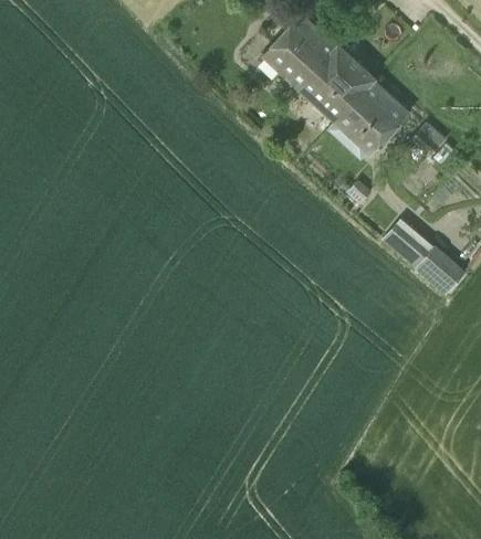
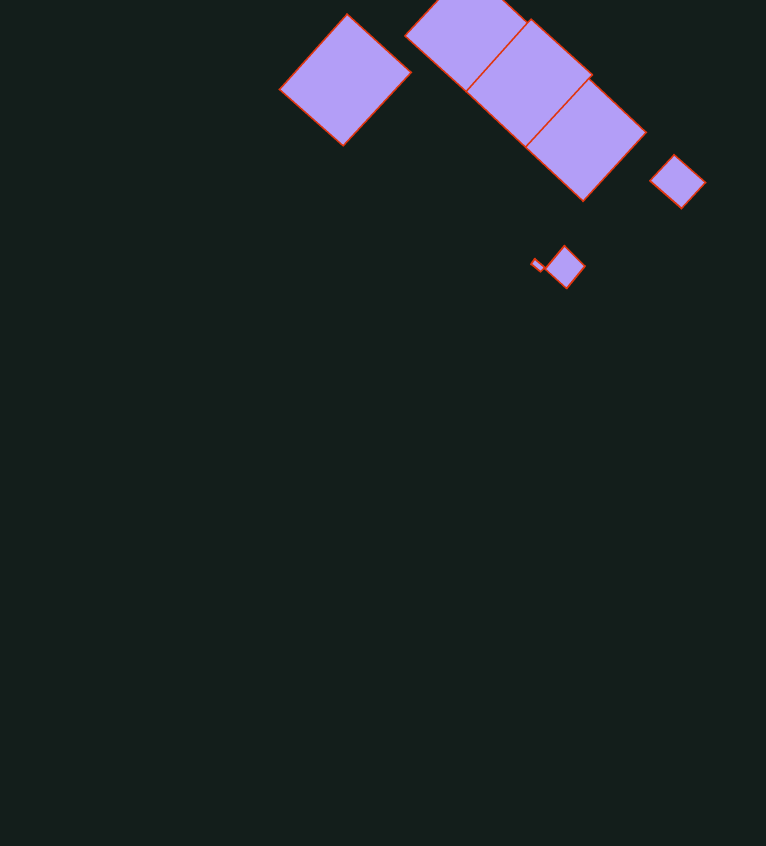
building: none -> [279,14,411,146]
building: [381,222,466,296] -> none

